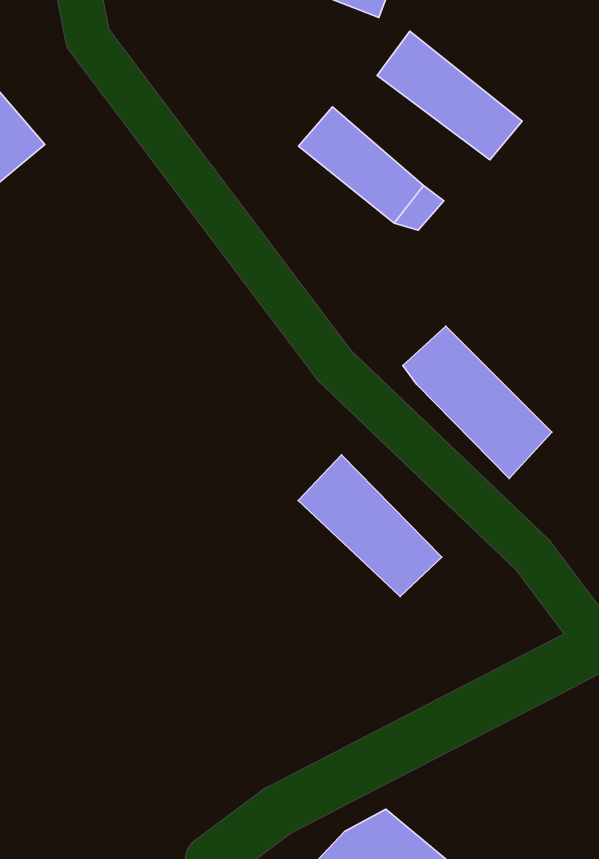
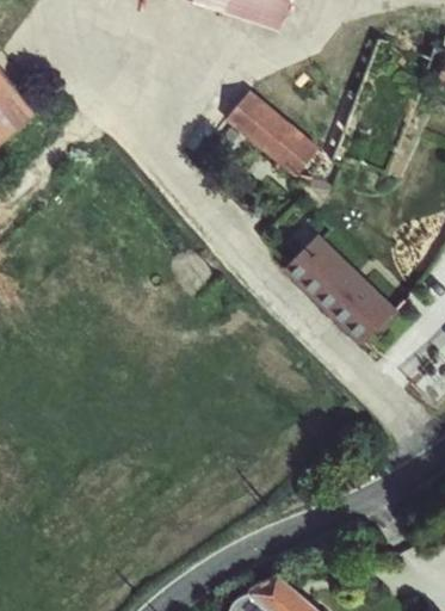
building: [377,31,522,160] -> none
building: [298,455,442,597] -> none

